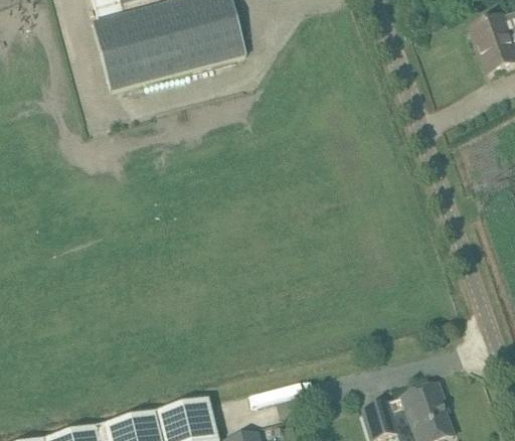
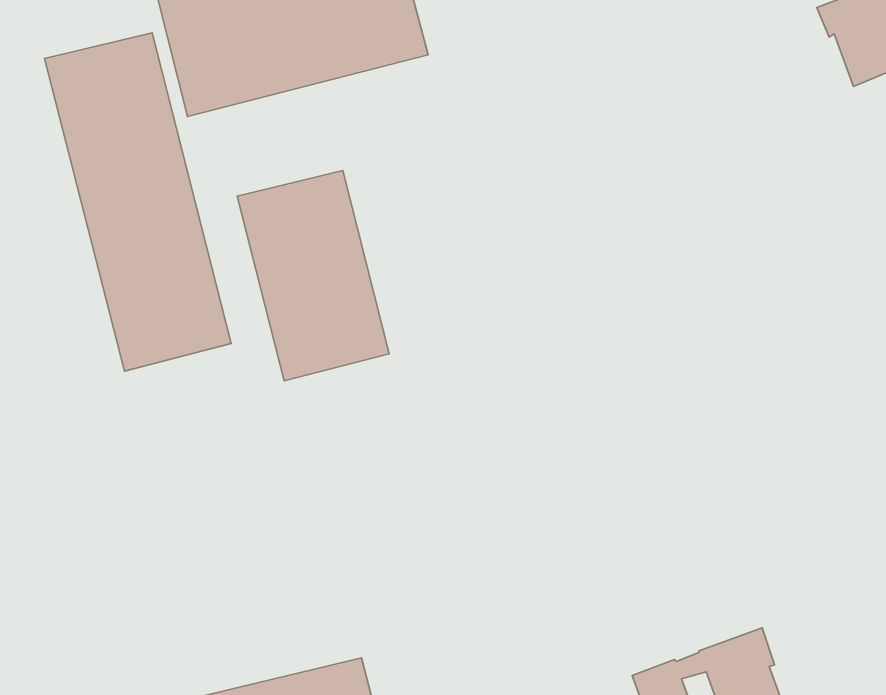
building: none -> [45,33,231,371]
building: none -> [237,170,389,381]

